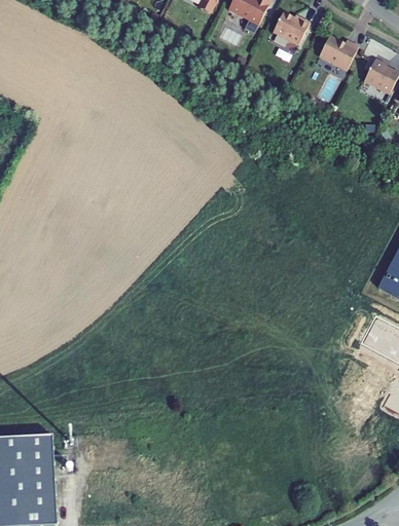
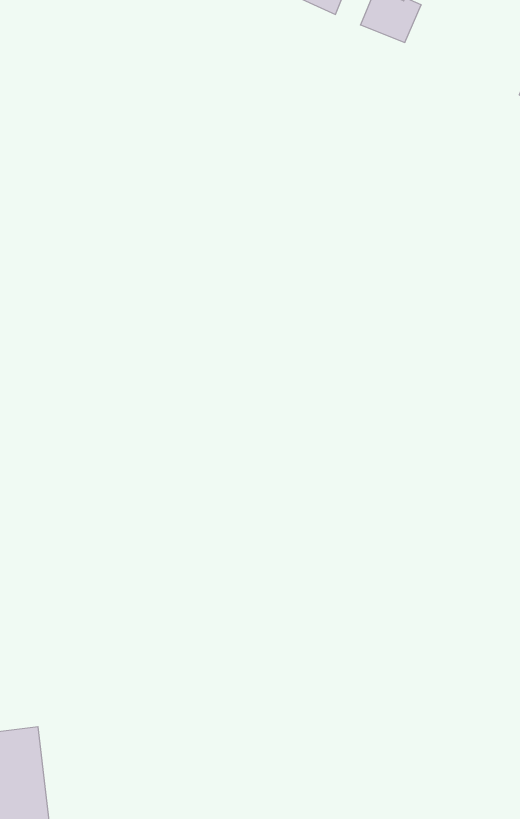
building: [320,35,359,70] -> none

